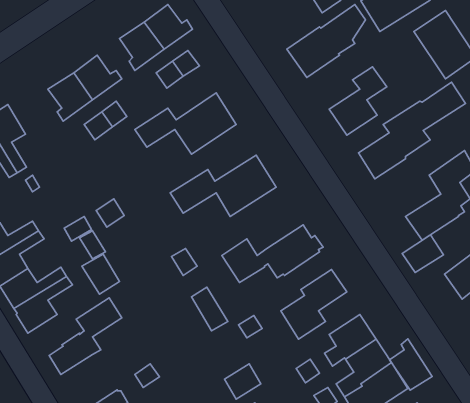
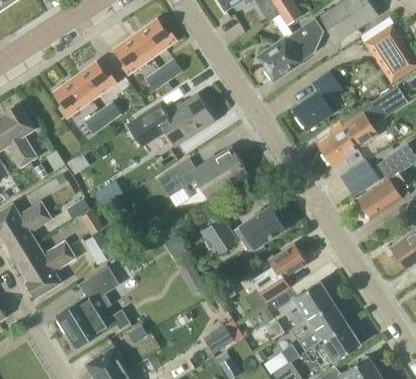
building: [402,235,443,272] -> [343,161,378,193]
building: [390,339,432,390] -> none
building: none -> [65,311,128,349]

